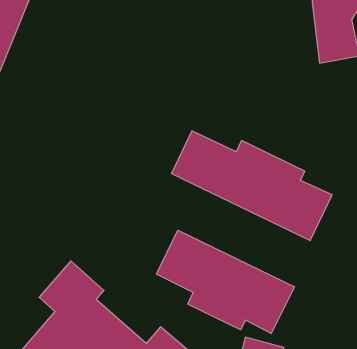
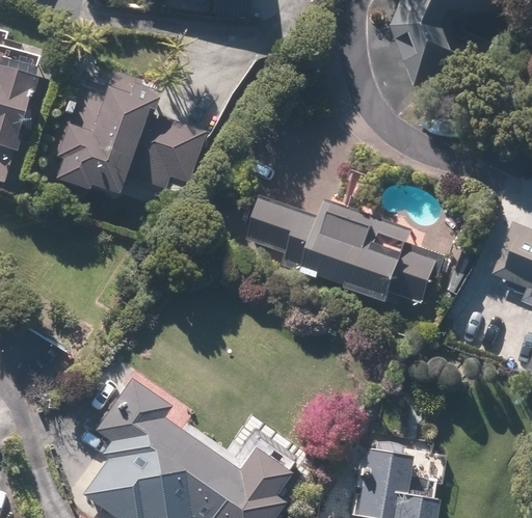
building: none -> [52,60,210,202]
building: [157,230,294,334] -> none

